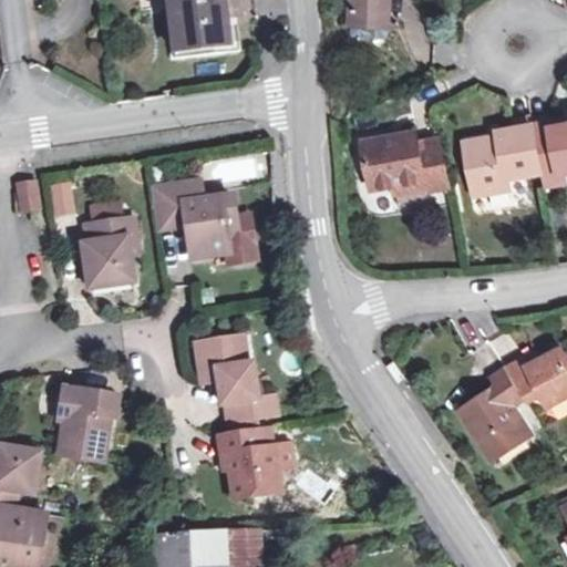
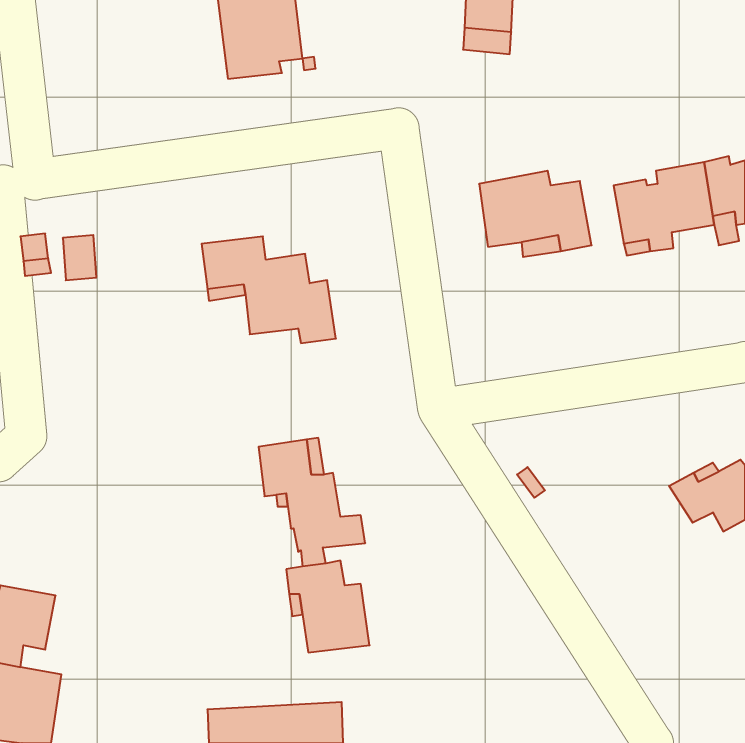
building: [82,216,132,286] -> none
building: [460,369,532,460] -> none
building: [60,383,117,462] -> none

